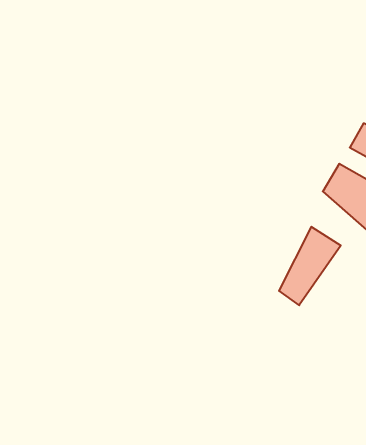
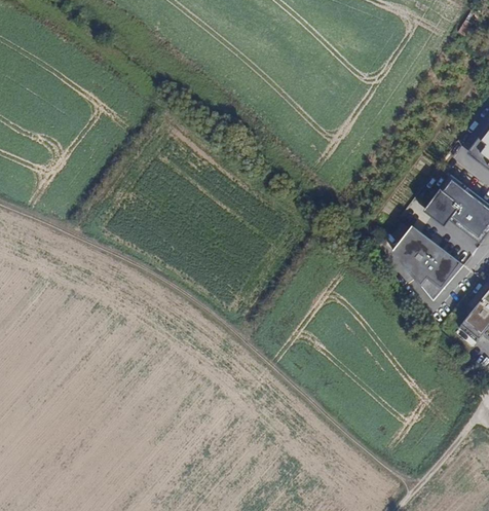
building: [279,227,341,305] -> none

